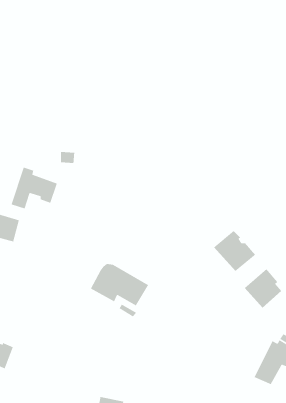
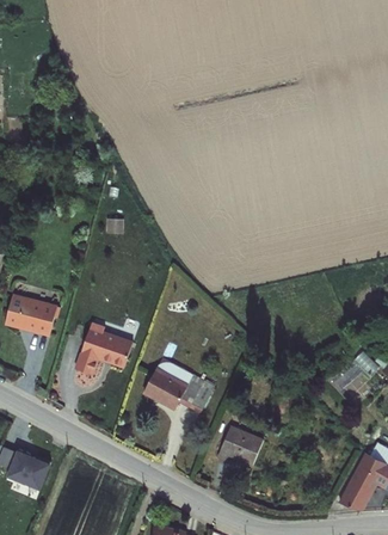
building: [10,166,58,210] -> [74,324,131,376]
building: [213,230,256,272] -> none
building: none -> [217,423,265,463]

